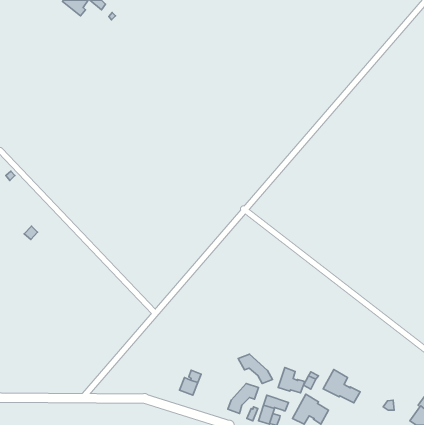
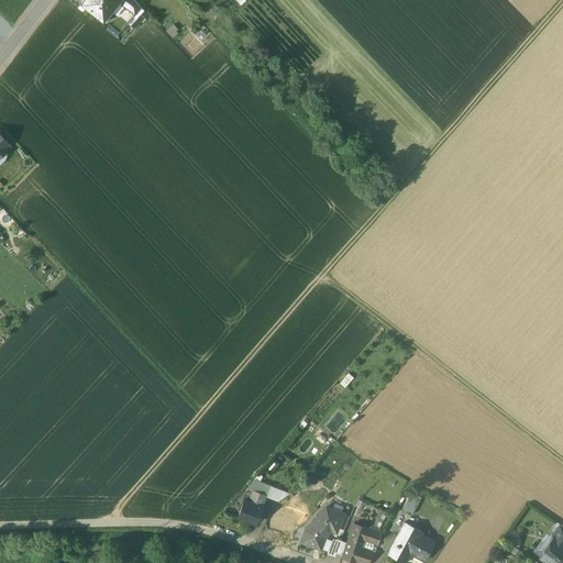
building: [238,354,273,384] -> none
building: [278,368,305,393] -> none
building: [323,369,360,403] -> none

